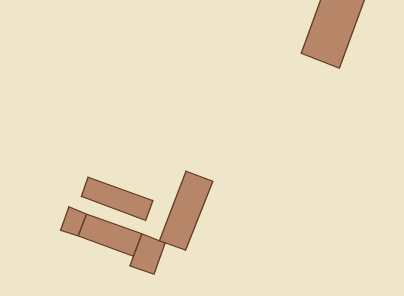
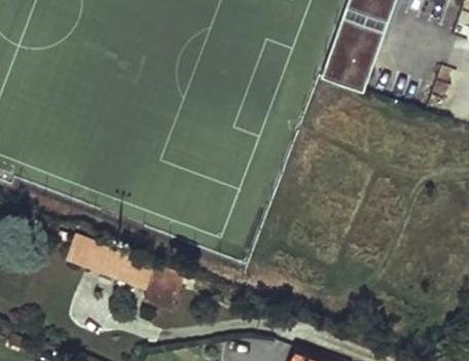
building: [159,171,213,250] -> none
building: [81,177,153,221] -> none

